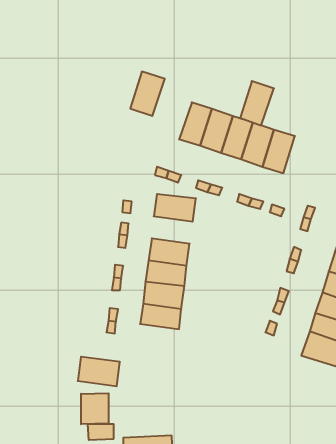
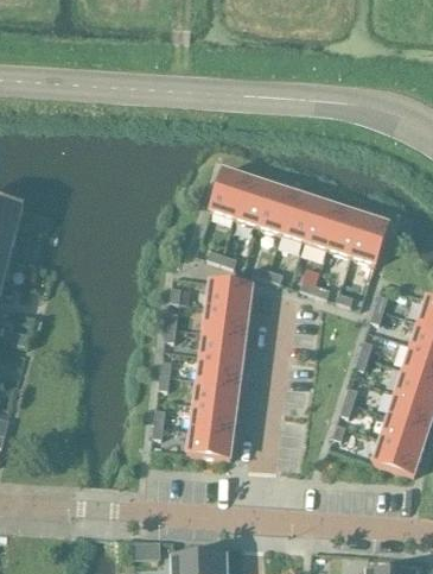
building: [130,72,165,116] -> [209,165,248,215]
building: [240,81,274,125] -> [351,212,389,261]
building: none -> [203,302,249,333]
building: [78,357,120,386] -> [186,423,234,456]
building: [81,393,109,424] -> none

